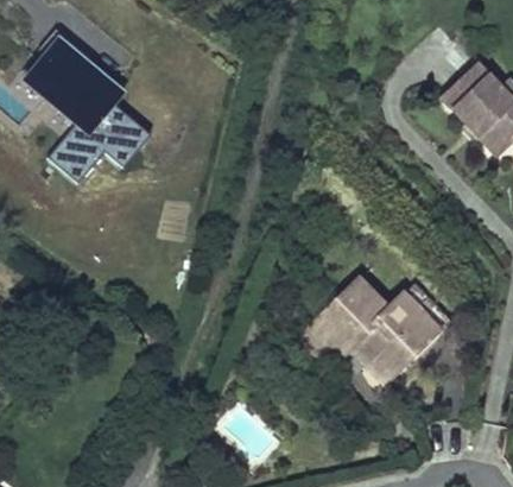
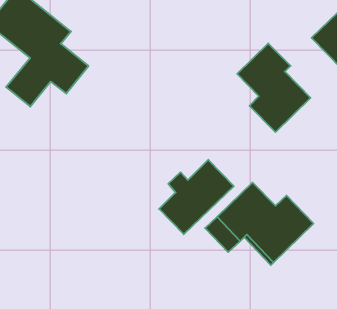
building: none -> [237,43,310,132]
building: none -> [159,160,234,234]

